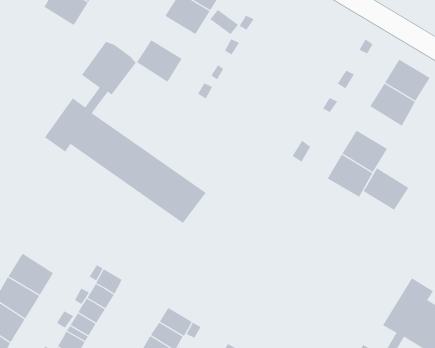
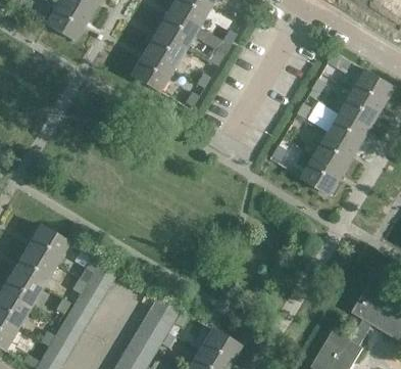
building: none -> [142,33,183,72]
building: [44,41,207,224] -> none
building: [363,168,409,210] -> [328,114,369,153]
building: none -> [26,226,67,266]

